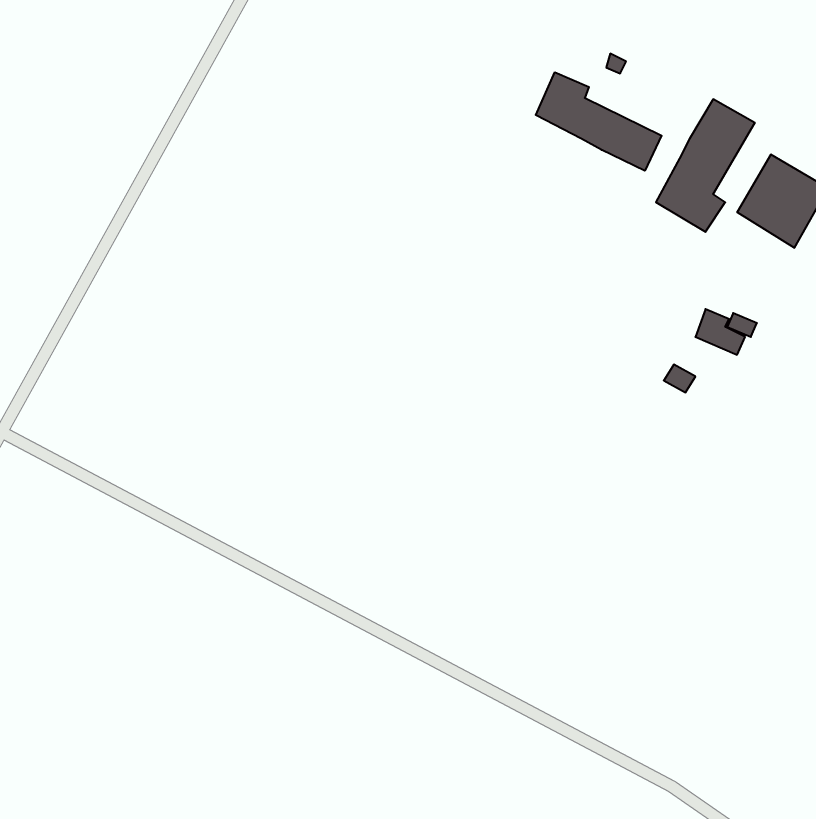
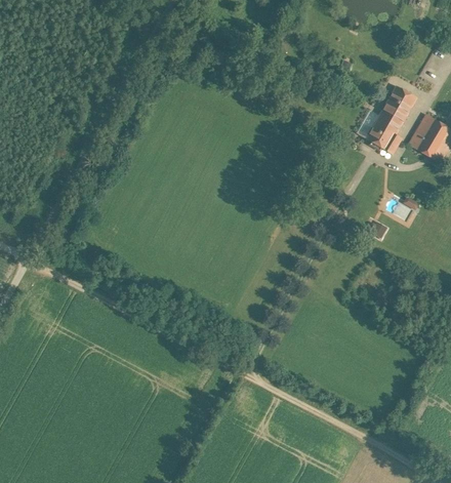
building: [536,72,662,171] -> none

